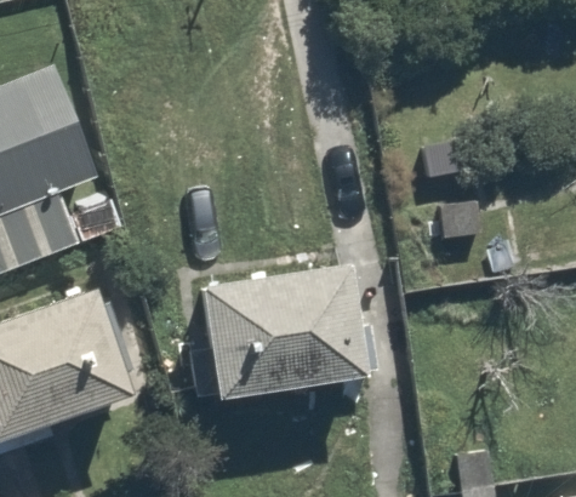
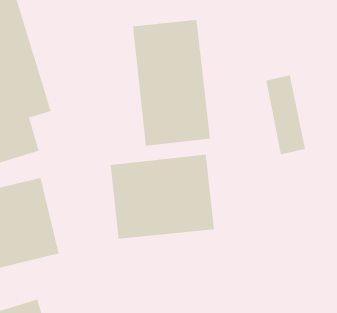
building: none -> [133,19,210,146]

